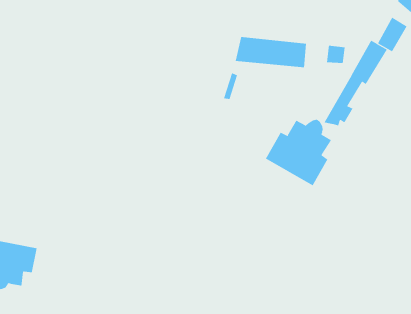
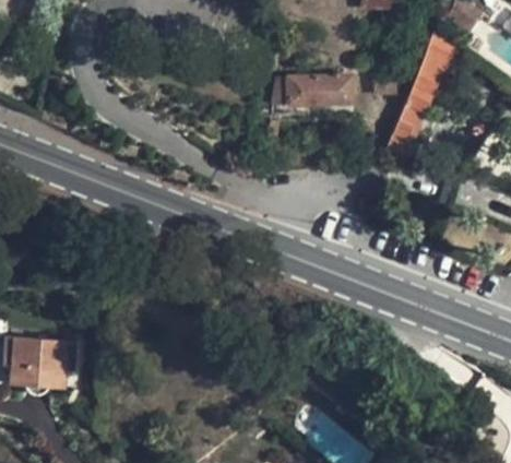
building: [265,119,332,186] -> none

